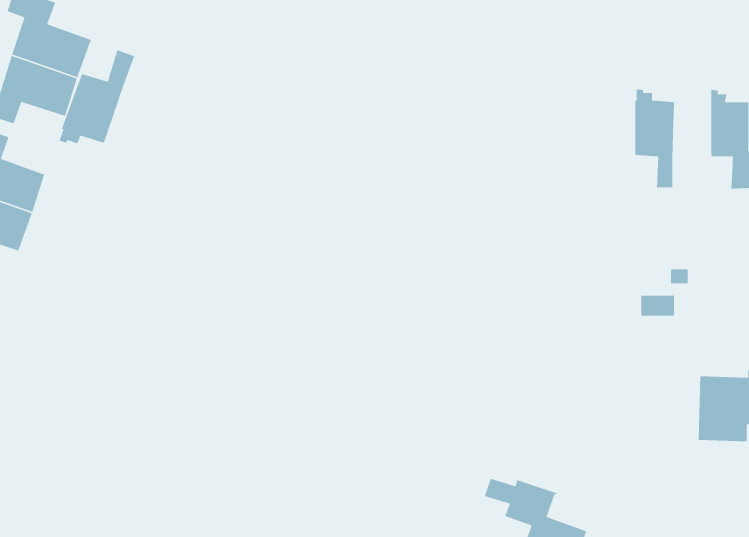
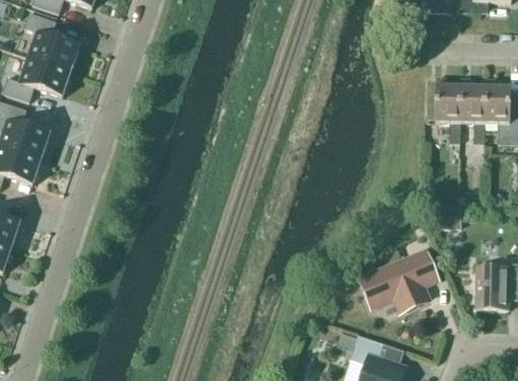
building: [58,49,135,144] -> none
building: none -> [459,78,484,143]
building: none -> [360,251,436,311]

